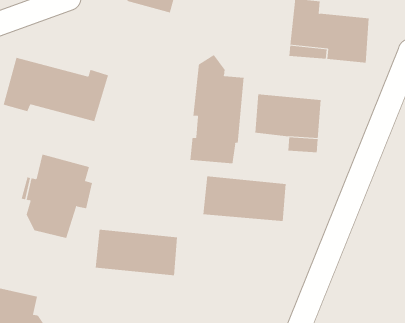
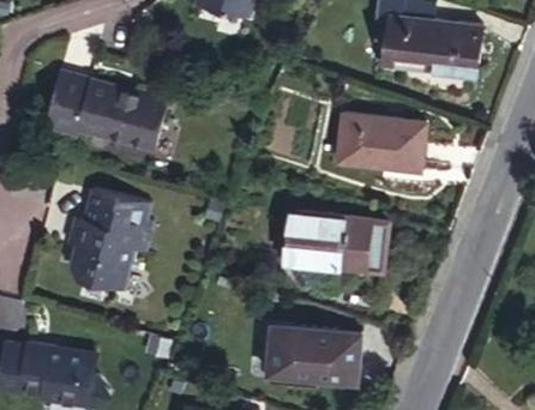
building: [190,54,244,164] -> none
building: [95,229,178,276] -> [258,321,357,378]

